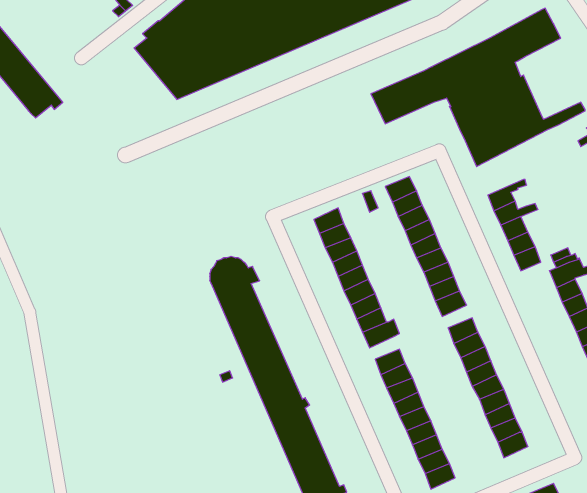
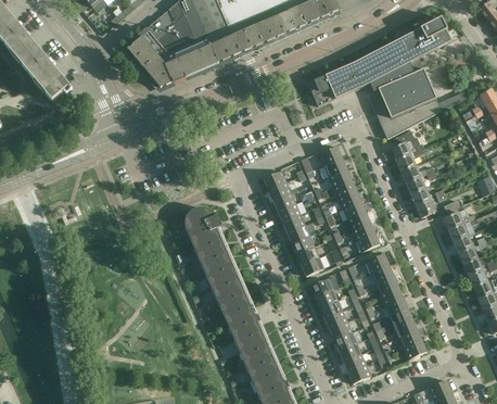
building: none -> [391,129,423,160]

